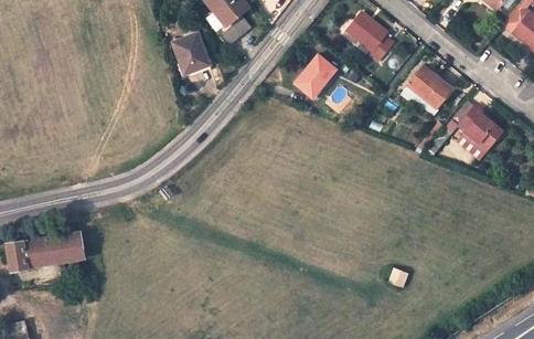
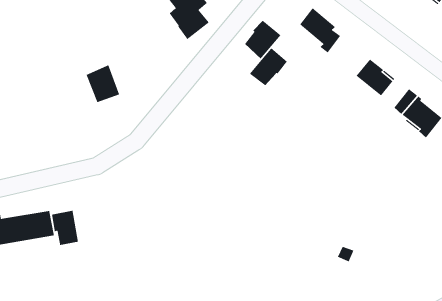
building: none -> [244,20,282,60]
building: [172,32,210,74] -> [85,64,120,103]
building: none -> [51,210,79,246]

